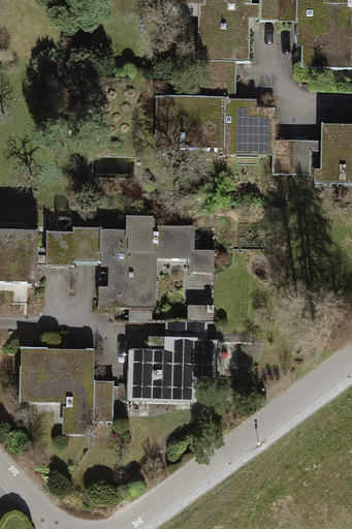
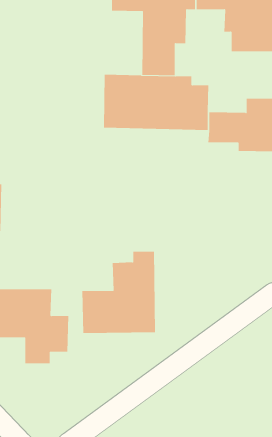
building: [42,213,215,306] -> none

